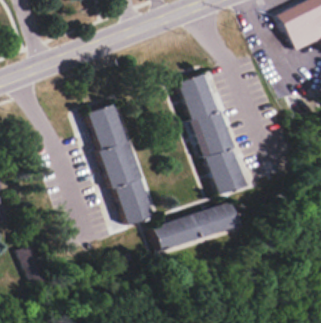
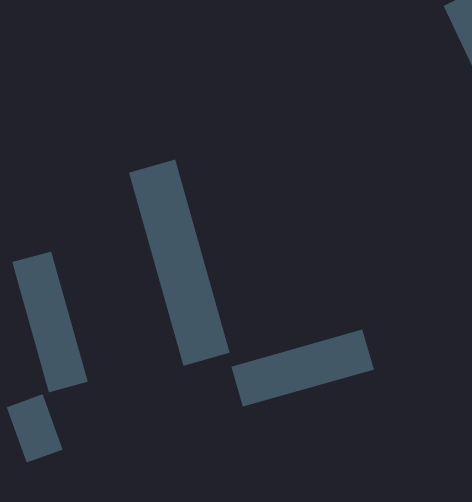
building: [180,73,242,196] -> none
building: none -> [11,251,88,393]

